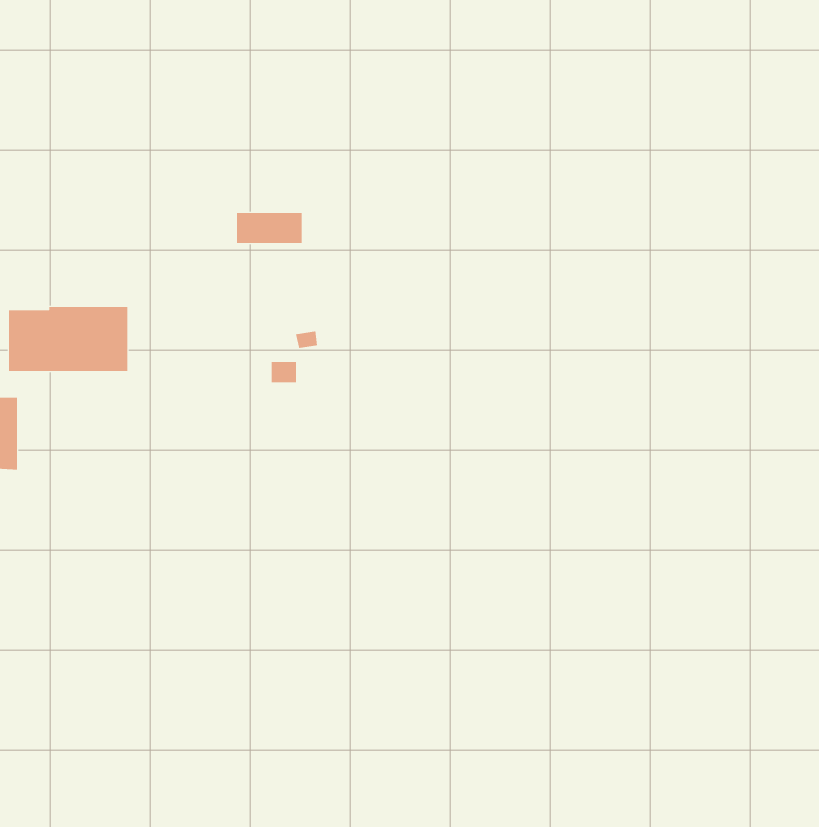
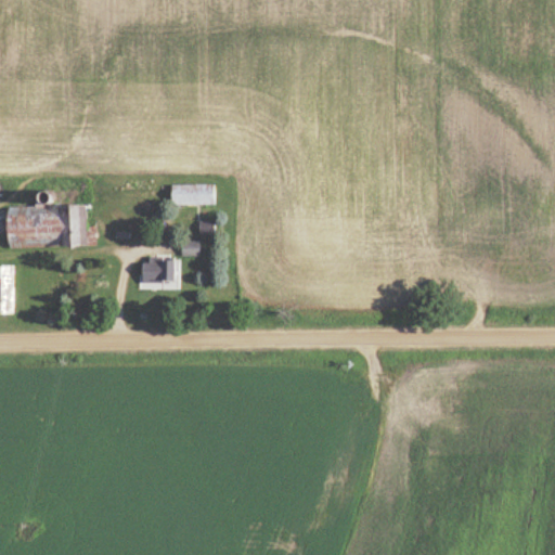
building: [236,213,302,243] -> [170,185,215,206]
building: none -> [142,259,176,282]

